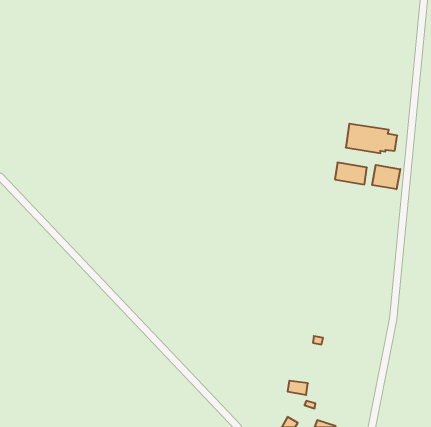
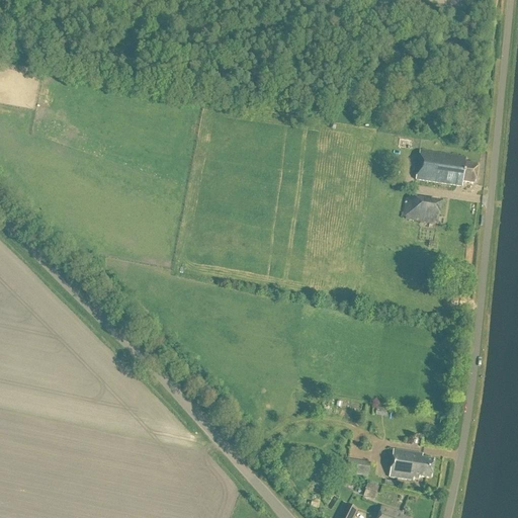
building: [372,165,400,189] -> none
building: none -> [390,448,434,479]

